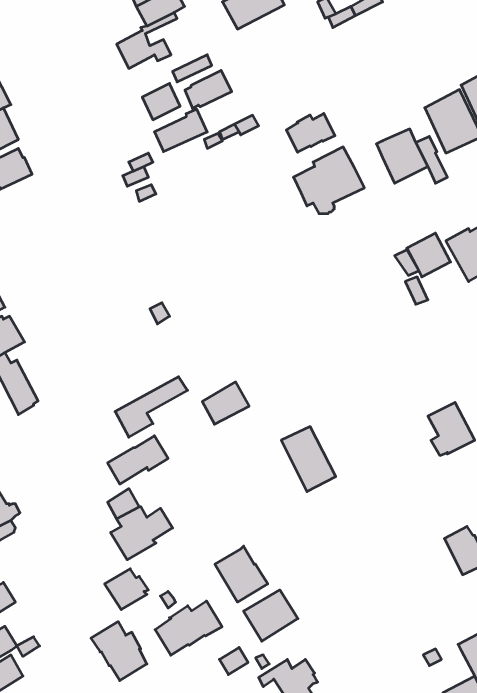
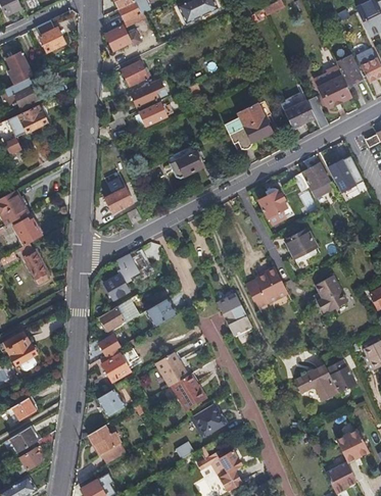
building: none -> [36,20,64,53]
building: [185,70,232,108] -> [135,102,166,128]
building: [286,113,335,152] -> none
building: none -> [166,145,202,178]
building: none -> [104,188,133,213]
building: none -> [257,190,286,226]
building: none -> [284,229,317,259]
building: [202,382,249,424] -> [145,298,177,327]
building: none -> [245,266,287,307]
building: none -> [154,352,188,387]
building: none -> [293,365,338,401]
building: [155,601,222,655] -> none

